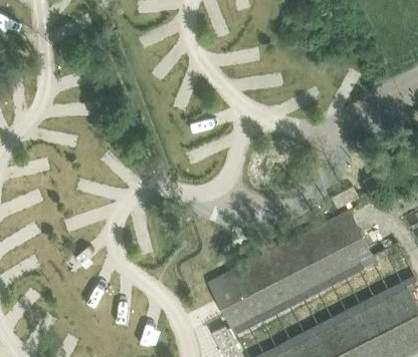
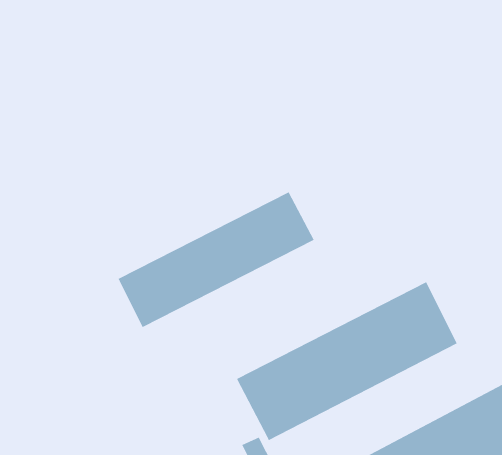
building: none -> [118,192,314,328]

